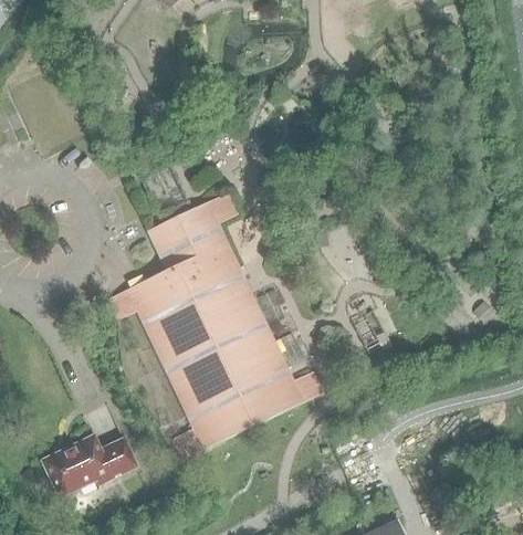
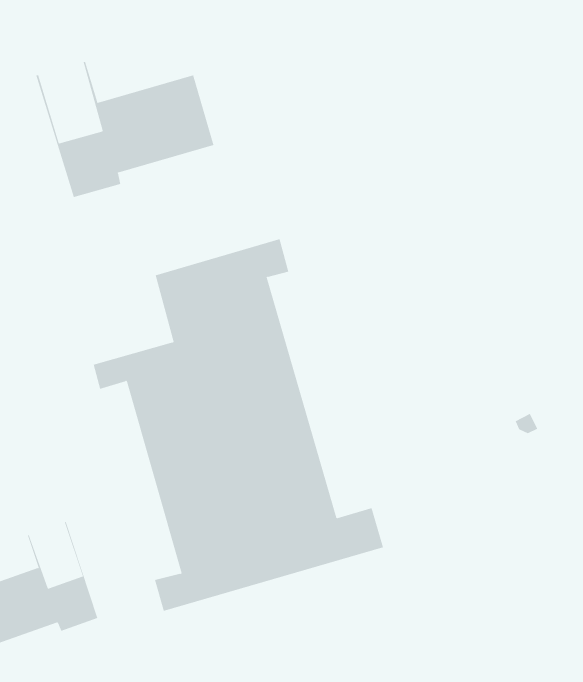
building: none -> [36,61,214,198]

